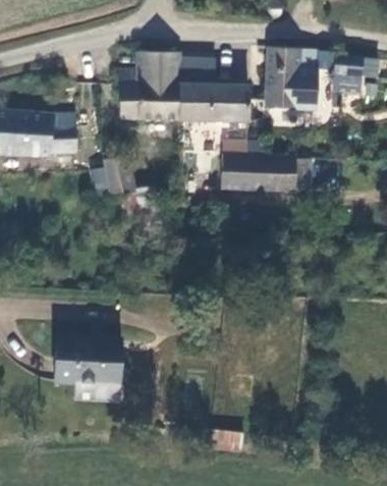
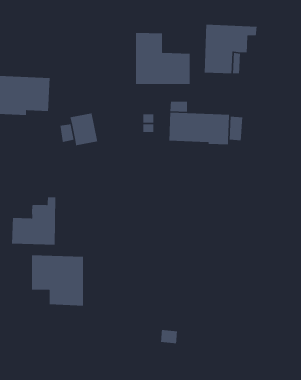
building: [119,53,182,122] -> none
building: [334,64,368,97] -> none
building: none -> [11,196,56,246]

